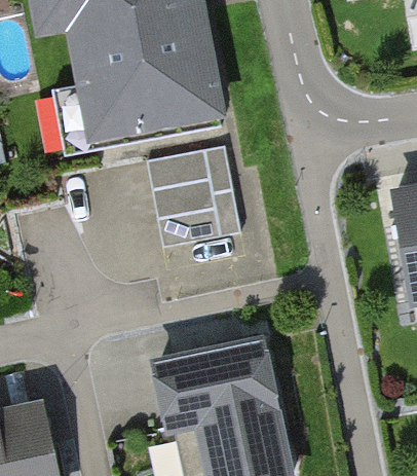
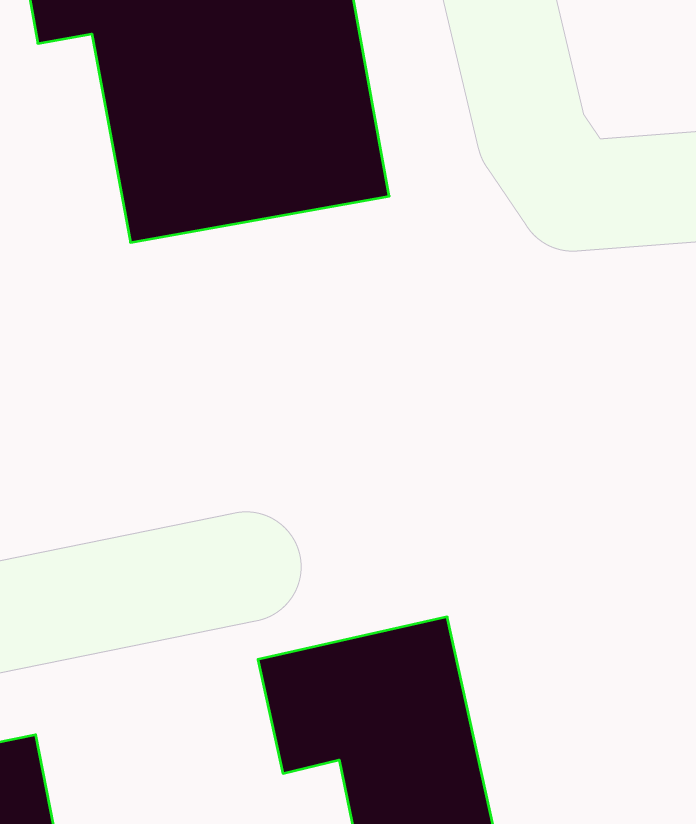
building: [151,149,240,246] -> none

